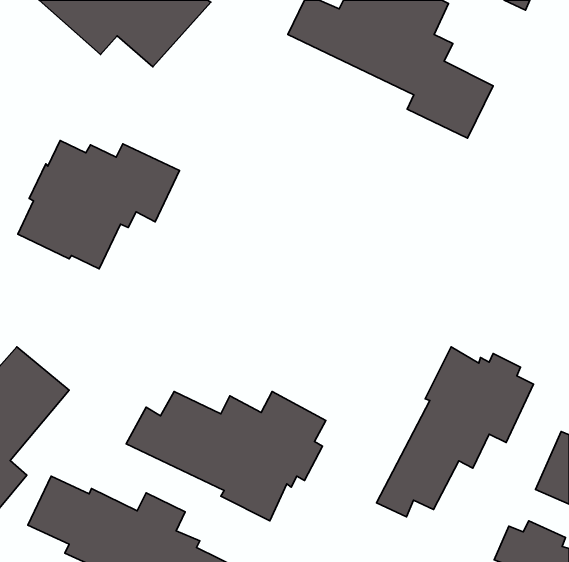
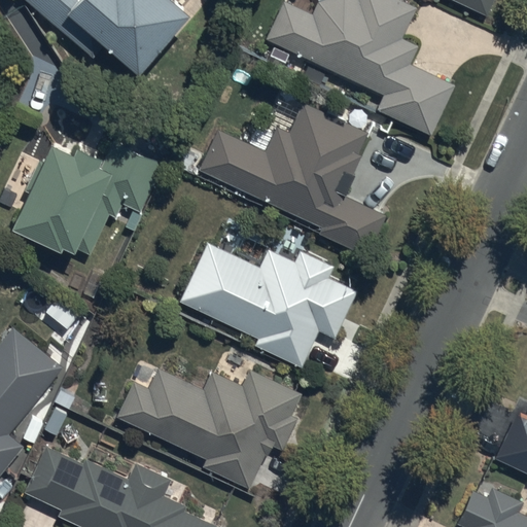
building: none -> [201,103,386,258]
building: none -> [179,244,357,370]
building: [377,347,534,517] -> none

